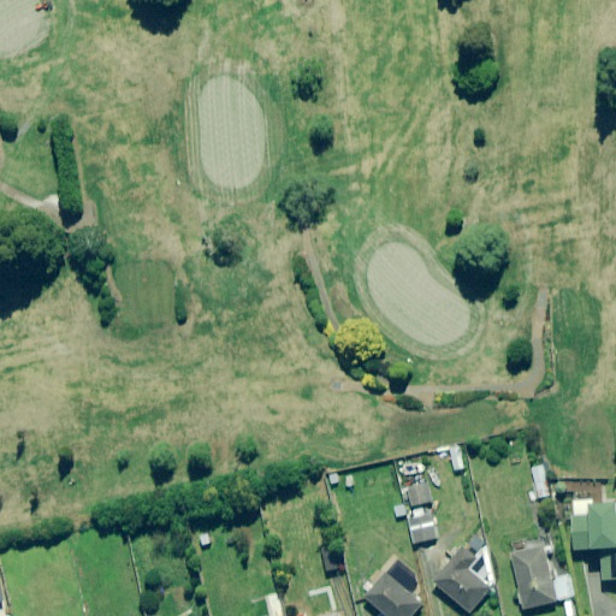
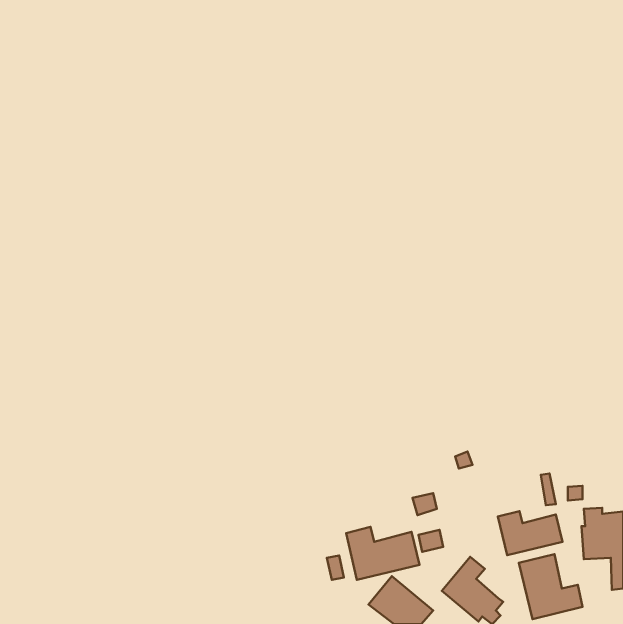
building: none -> [498,511,563,555]
building: none -> [346,527,419,580]

